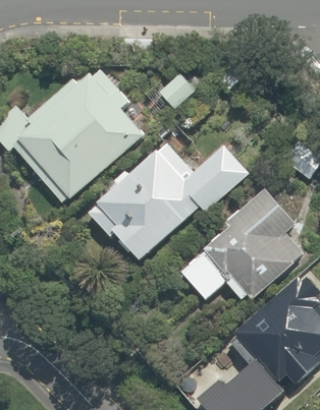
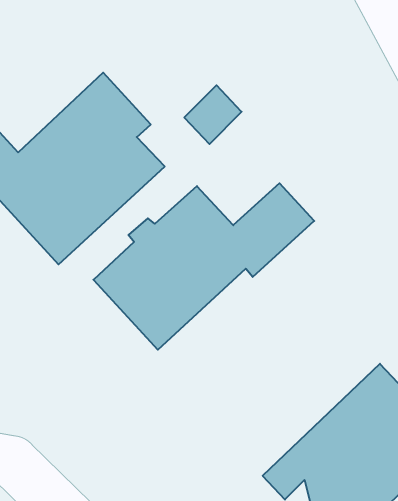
building: [177,188,303,303] -> none

